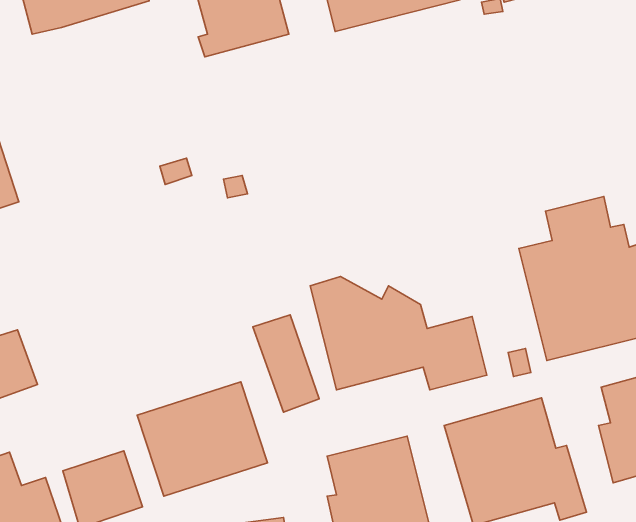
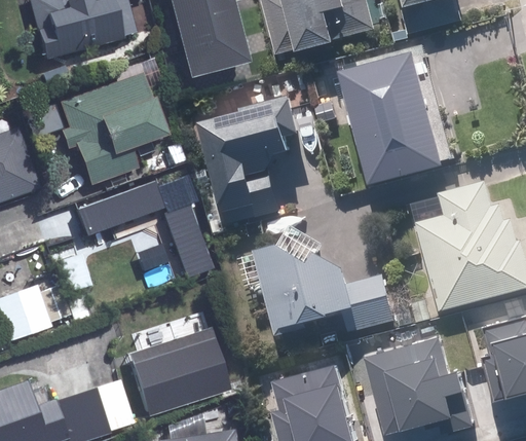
building: none -> [343,47,446,180]
building: none -> [61,74,161,184]
building: none -> [201,93,300,223]
building: none -> [77,181,165,237]
building: [253,315,319,412] -> [164,205,216,280]

